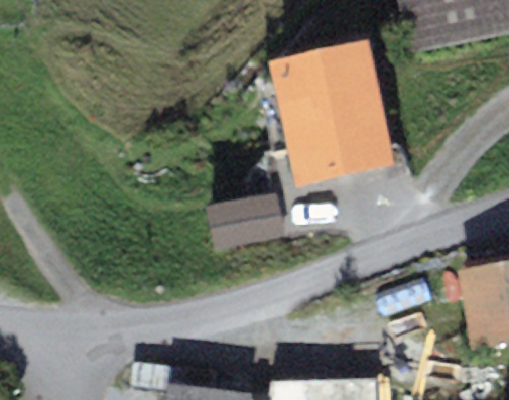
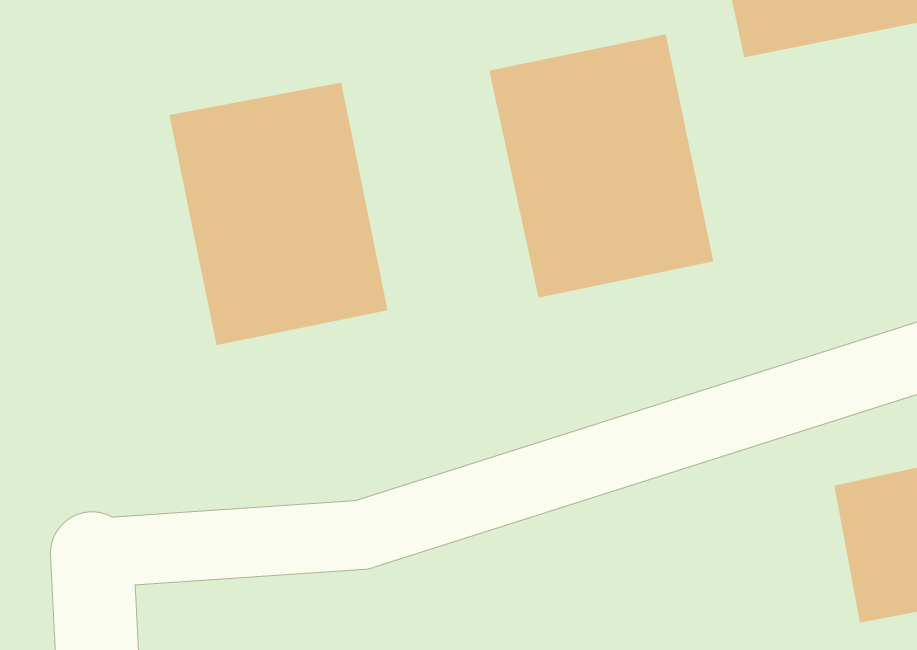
building: none -> [169,82,388,346]
building: [208,189,286,248] -> none

